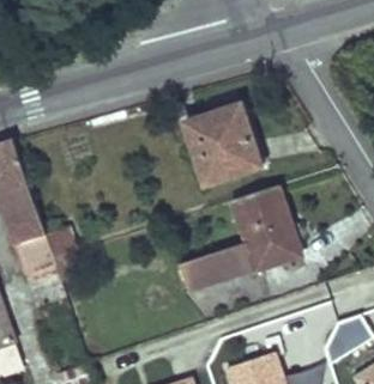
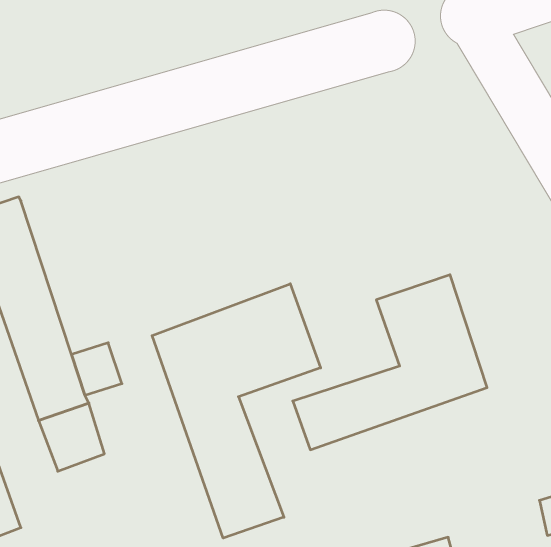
building: [187,104,261,185] -> none
building: none -> [152,284,321,538]

